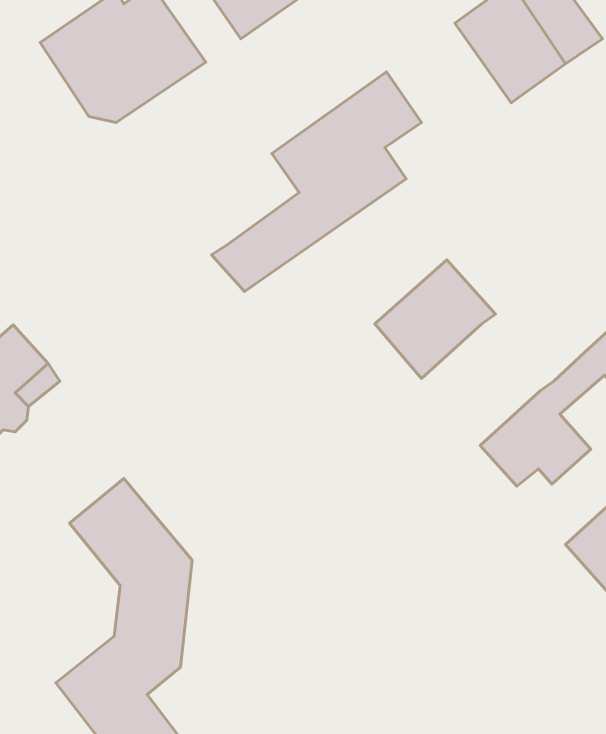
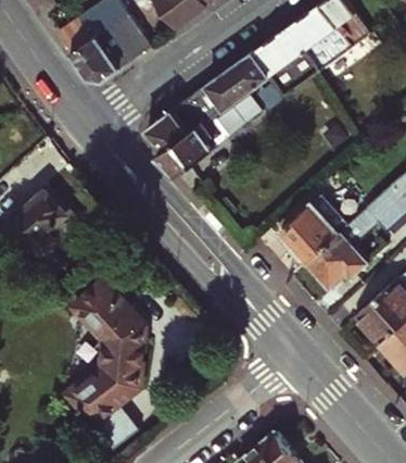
building: none -> [253,25,322,97]
building: none -> [147,98,204,149]
building: [375,260,495,378] -> [279,195,346,261]

